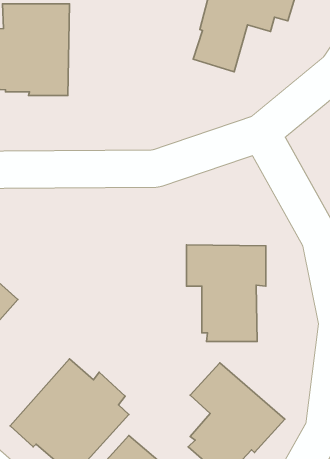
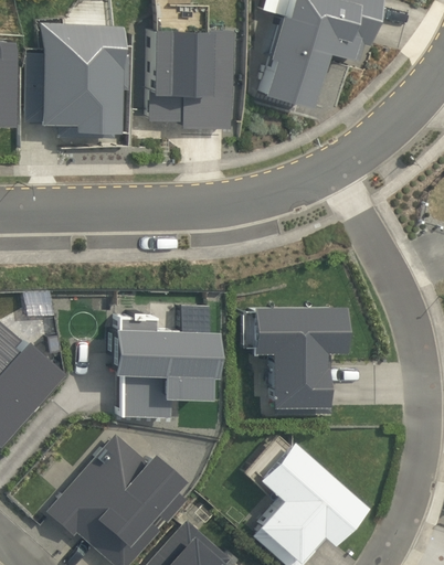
building: none -> [152,31,234,132]
building: none -> [113,312,215,419]

